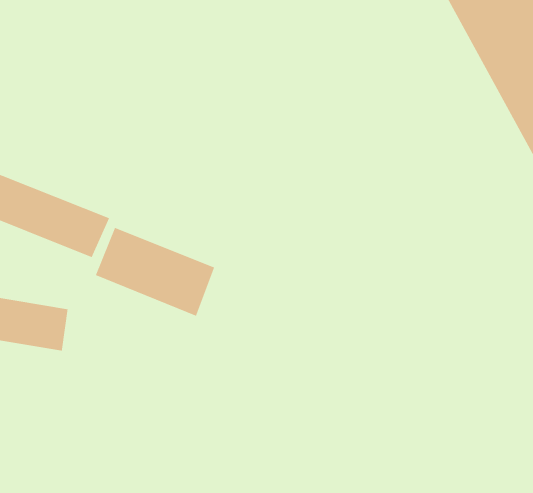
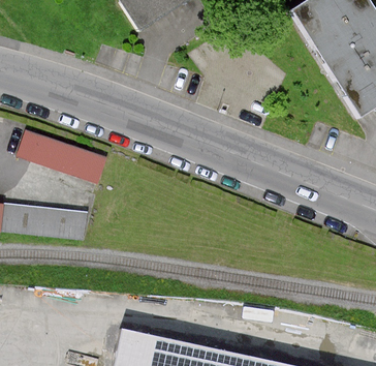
building: [95,227,215,317] -> none

